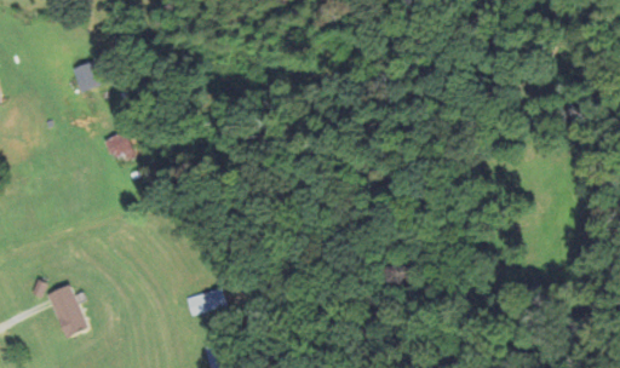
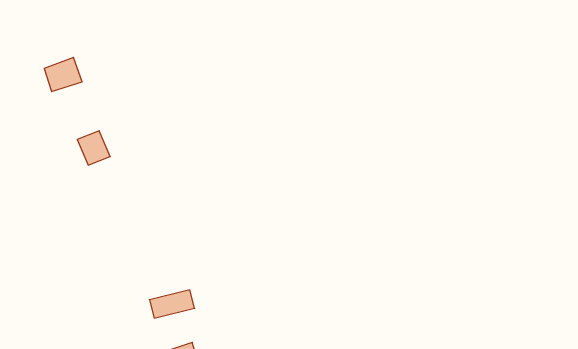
building: [42,284,87,340] -> none

